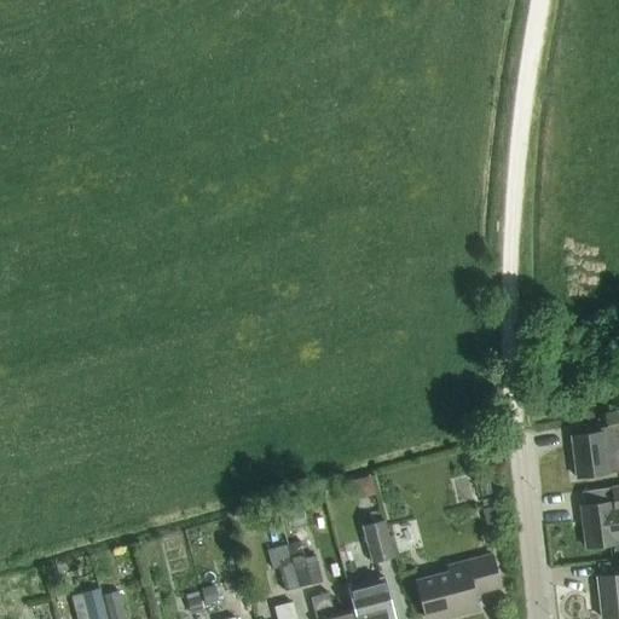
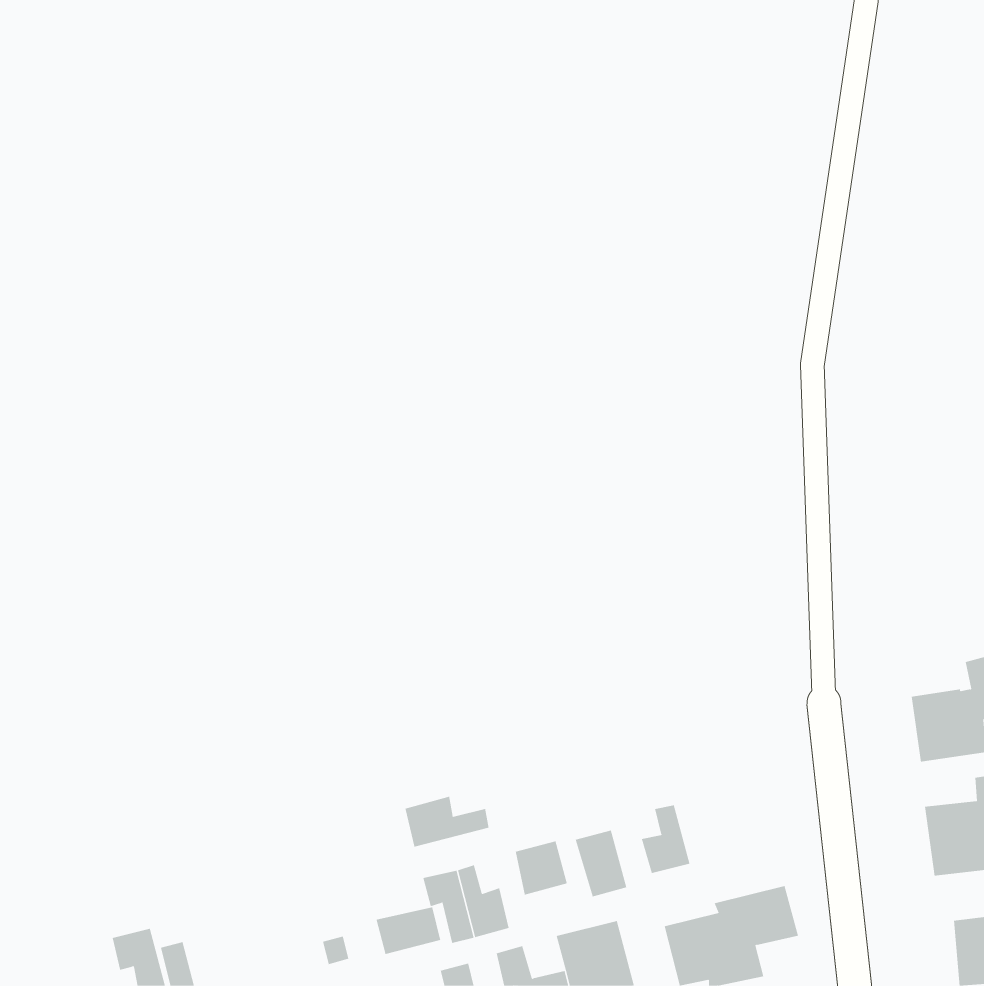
building: none -> [405,796,489,848]
building: none -> [641,804,690,874]
building: none -> [515,841,568,896]
building: none -> [376,906,441,955]

